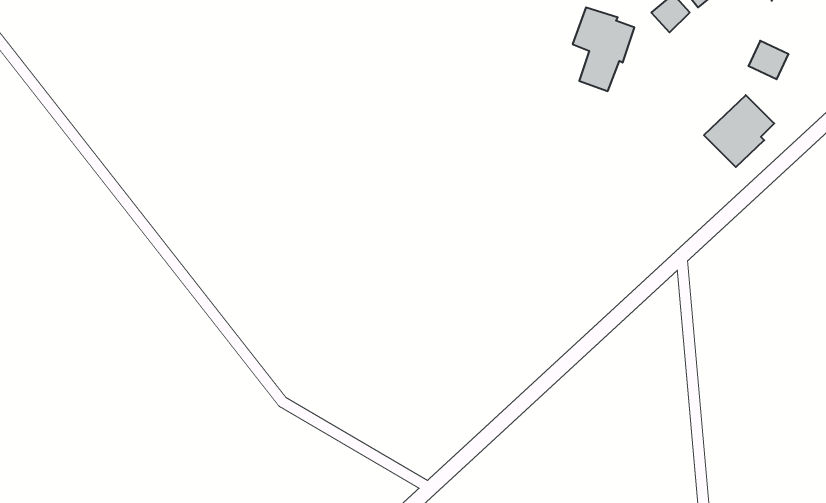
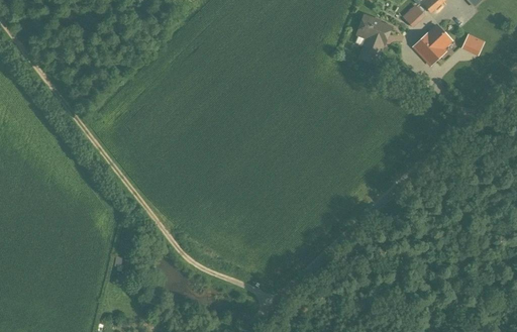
building: [704,95,774,167] -> [411,22,453,66]

